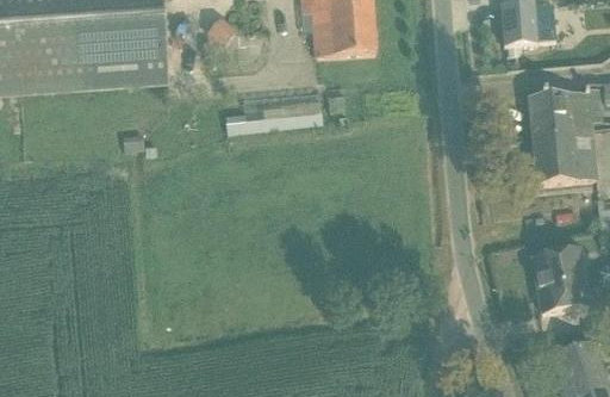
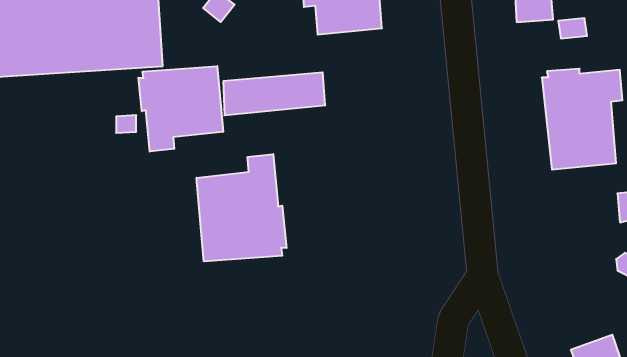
building: none -> [138,66,223,152]
building: none -> [197,154,287,261]
building: [533,246,590,311] -> none

